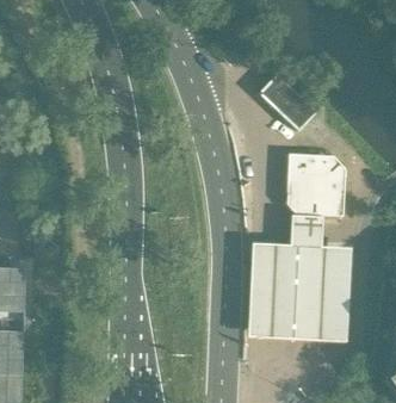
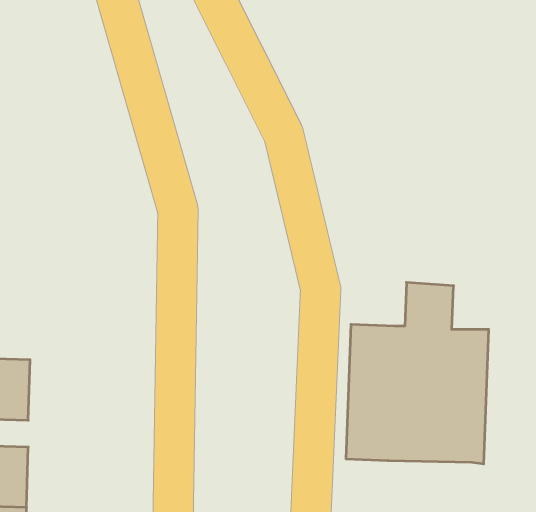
building: [259,74,316,131] -> none
building: [286,154,345,217] -> none

